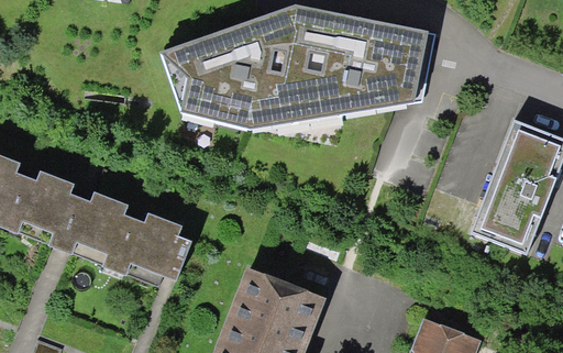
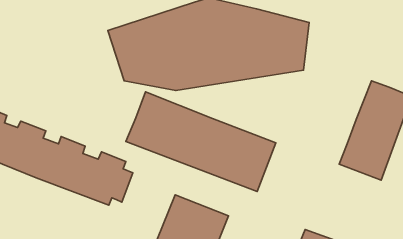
building: none -> [126,92,276,191]

